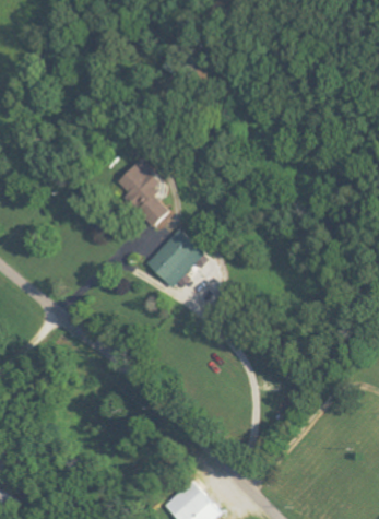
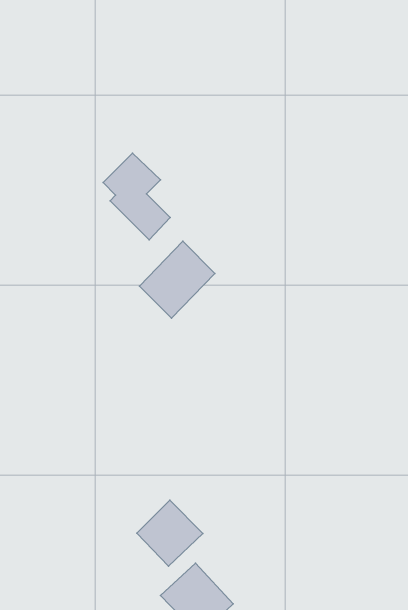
building: none -> [137,500,203,566]

